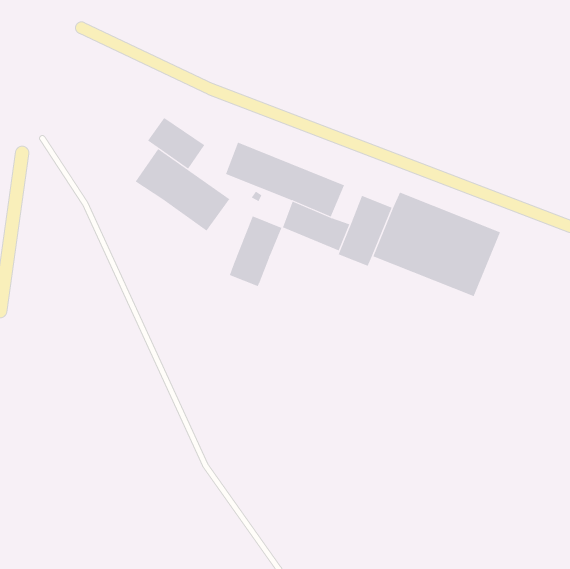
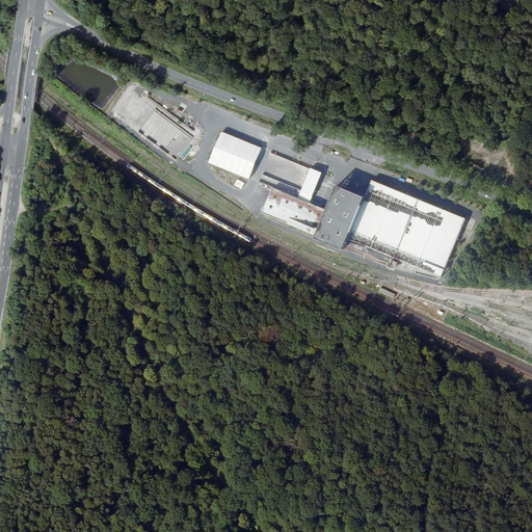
building: [135,148,230,232] -> none
building: [229,215,282,287] -> none

